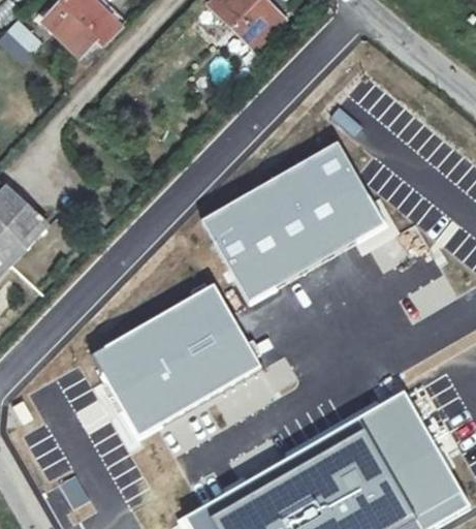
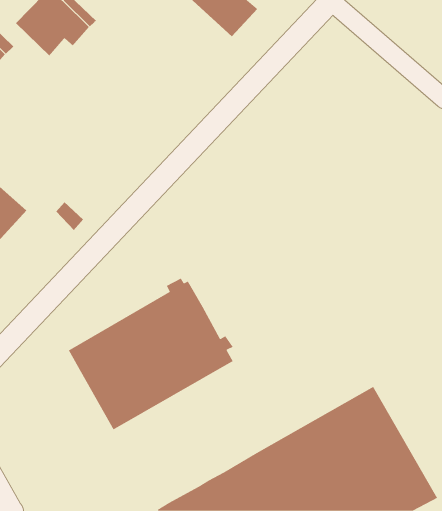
building: [202,143,385,302] -> none

